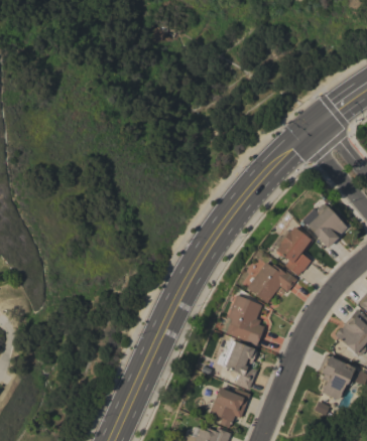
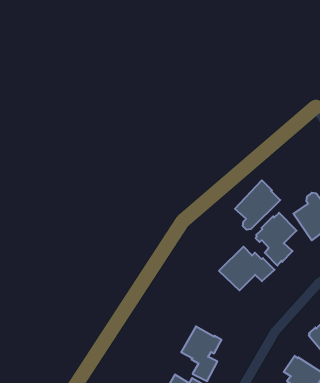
building: none -> [235,180,280,230]
building: [225,295,264,344] -> none

